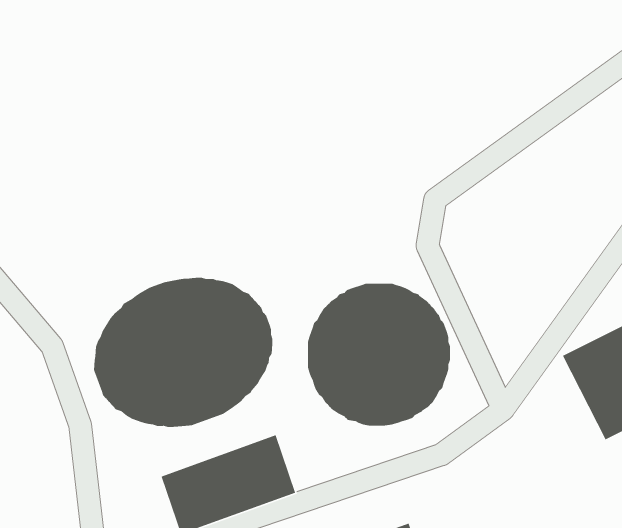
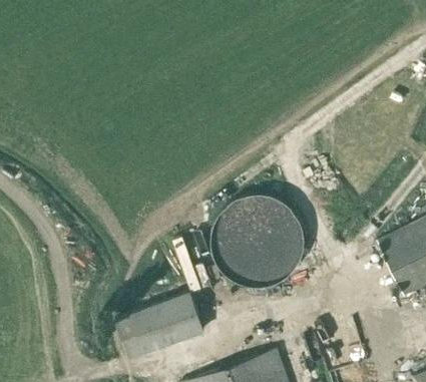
building: [93,277,273,428] -> none

